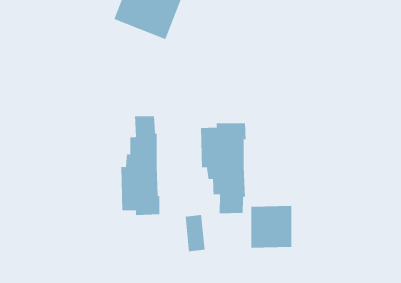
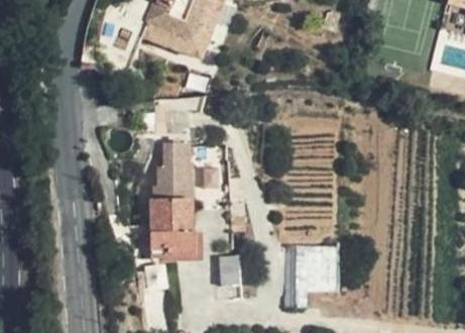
building: [201,123,246,214] -> none

